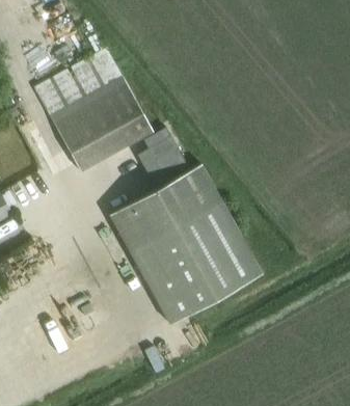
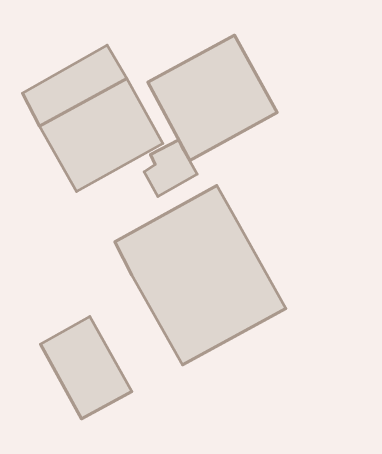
building: none -> [148,35,277,161]
building: none -> [40,317,132,419]

